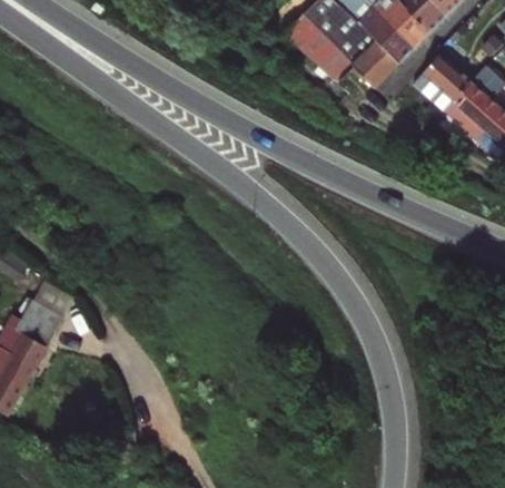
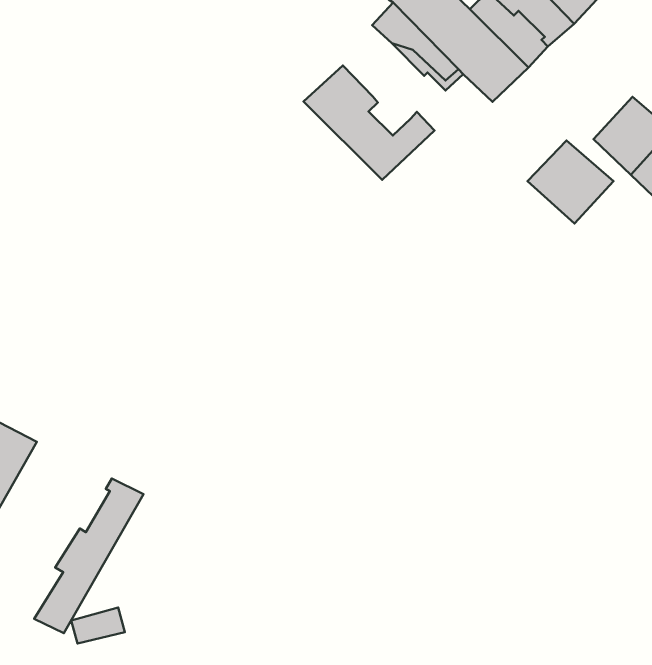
building: [412,52,471,109] -> [527,140,614,223]
building: none -> [304,66,434,180]
building: none -> [34,479,143,633]

